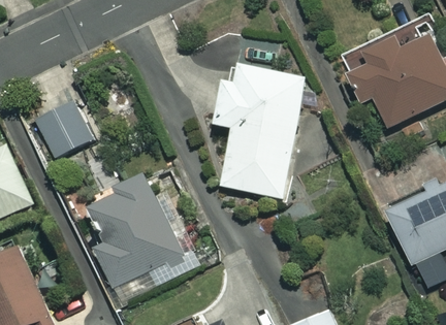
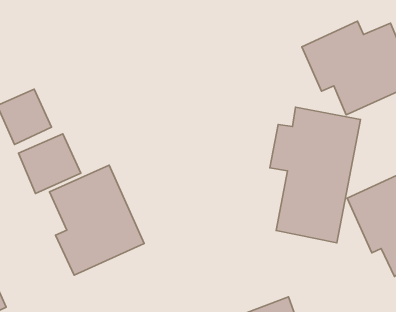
building: [216,60,307,196] -> [270,107,361,243]
building: none -> [18,134,81,194]

